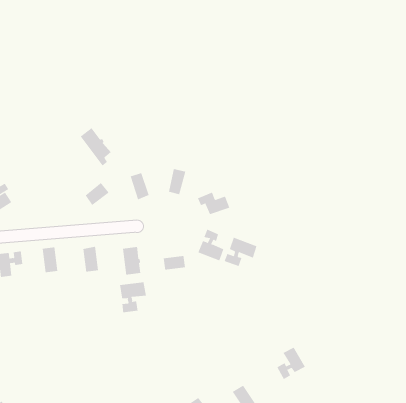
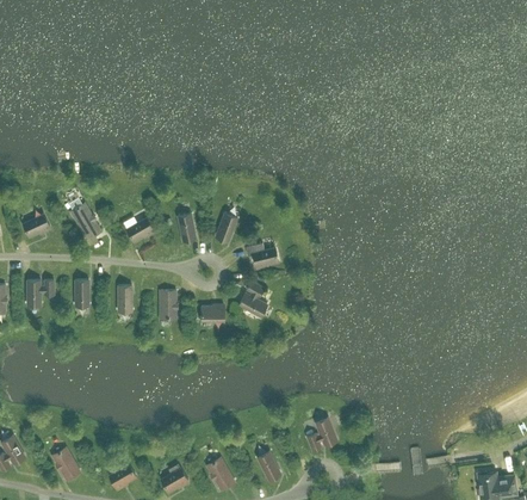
building: [79,127,111,166] -> [69,200,101,243]
building: [224,237,257,267] -> none
building: [119,281,146,313] -> none

